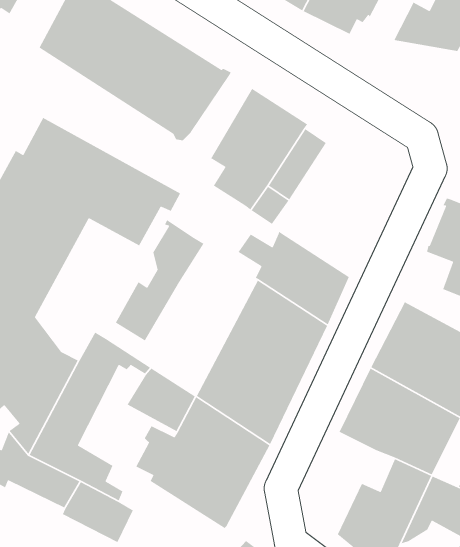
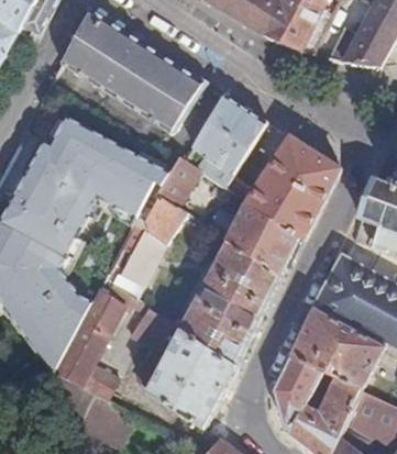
building: none -> [246,133,341,239]
building: none -> [159,156,219,206]
building: none -> [275,355,319,433]

